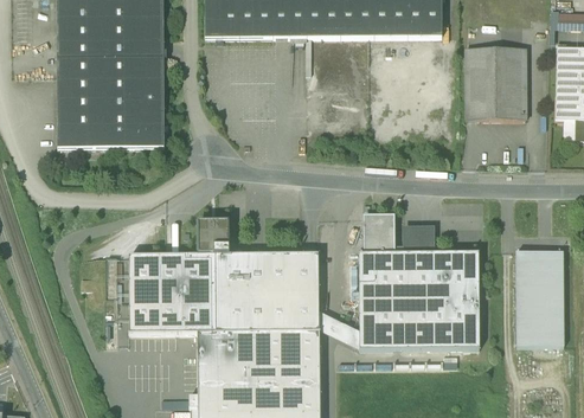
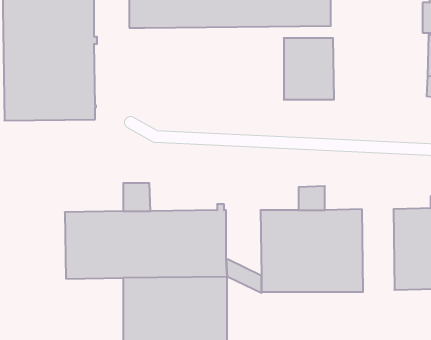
building: [467,47,526,120] -> [284,38,334,100]
building: [365,214,404,252] -> none

